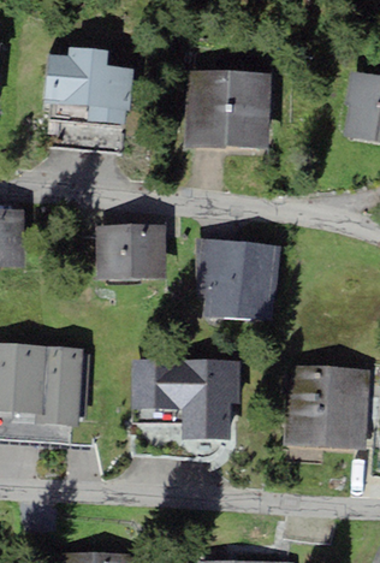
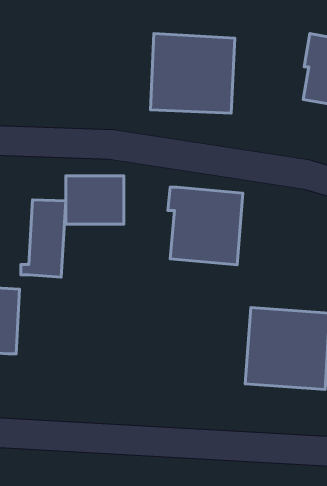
building: [41,60,135,136] -> none
building: [36,344,83,425] -> [21,200,66,277]
building: [131,356,241,438] -> none

